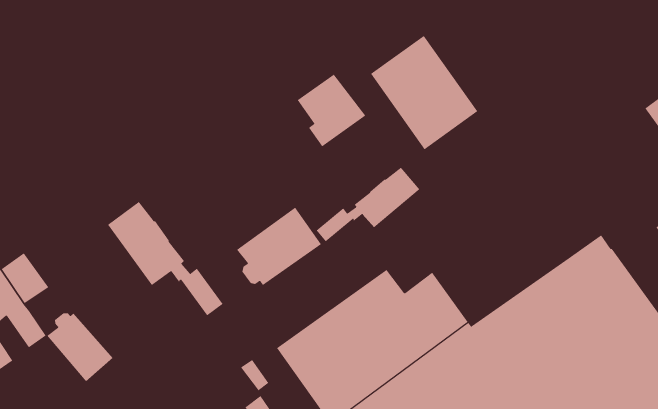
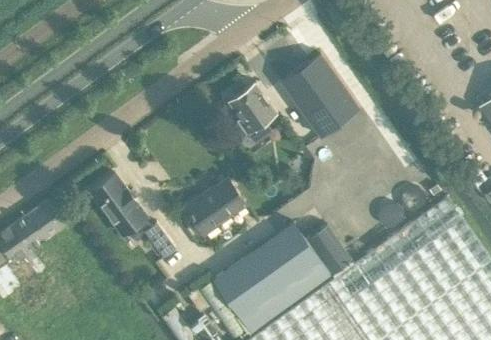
building: [316,167,420,242] -> none
building: none -> [31,200,66,237]
building: [46,312,113,382] -> none

